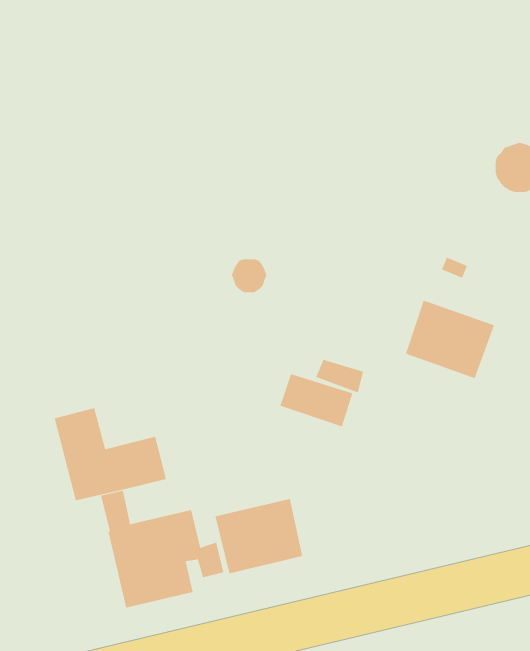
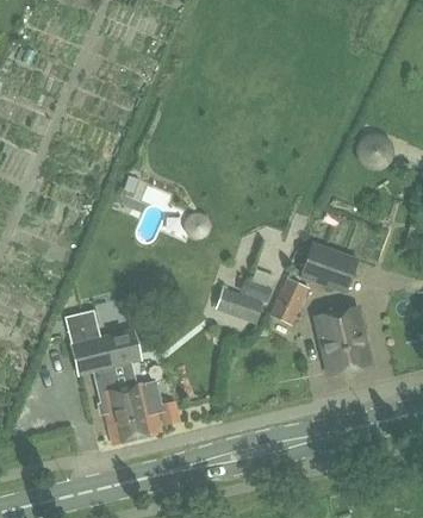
building: none -> [270,267,309,325]
building: none -> [316,307,371,375]
building: [215,498,303,574] -> none

